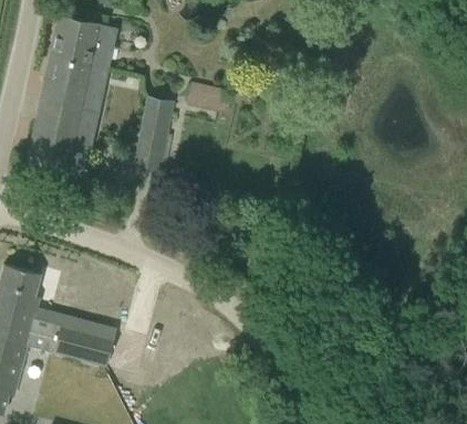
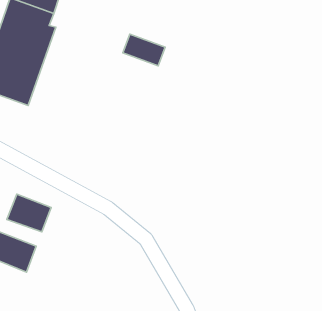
building: [134,96,175,171] -> none
building: none -> [7,194,51,232]

